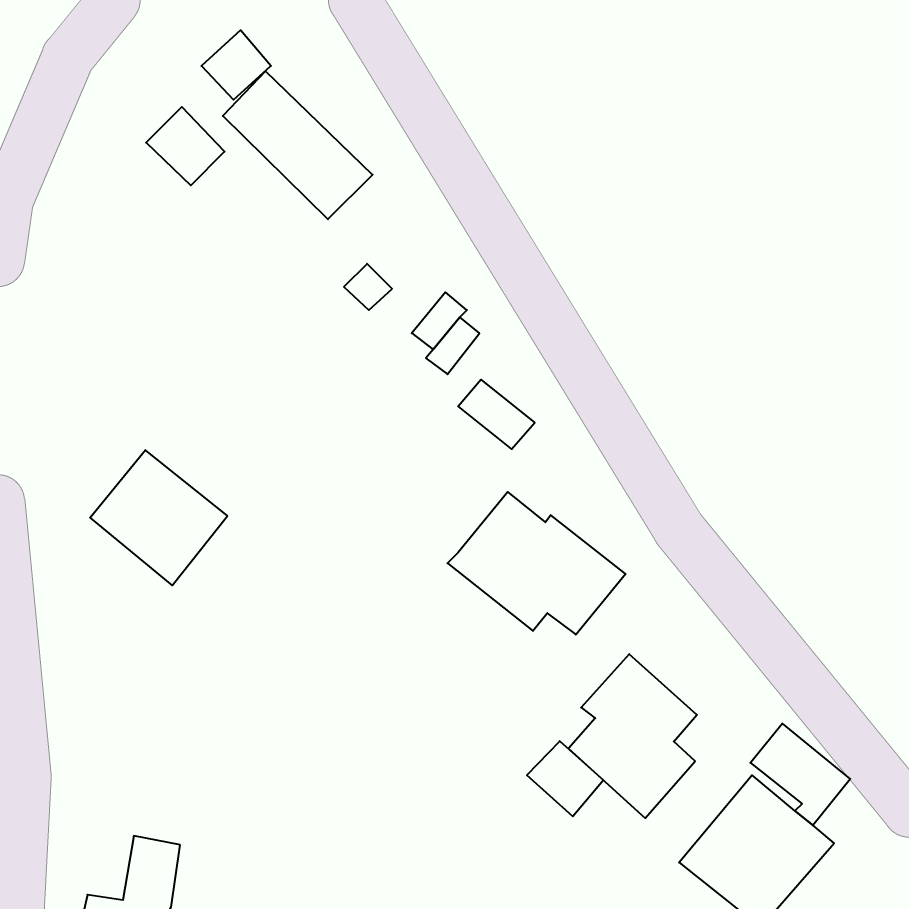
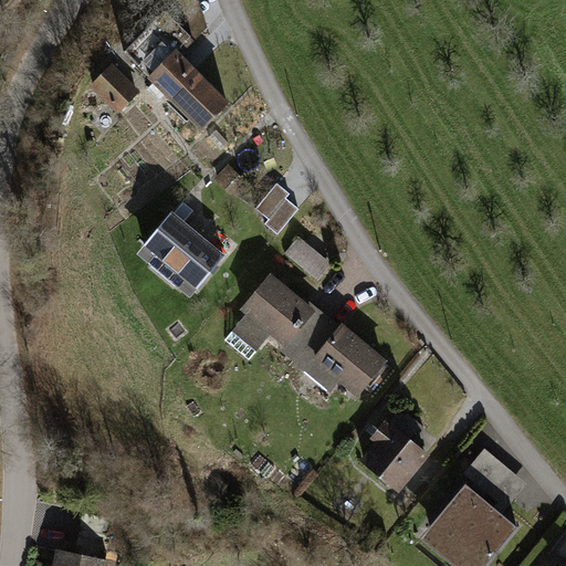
building: none -> [232,270,315,349]
building: [90,450,227,585] -> [138,209,223,293]
building: [527,741,603,816] -> none

